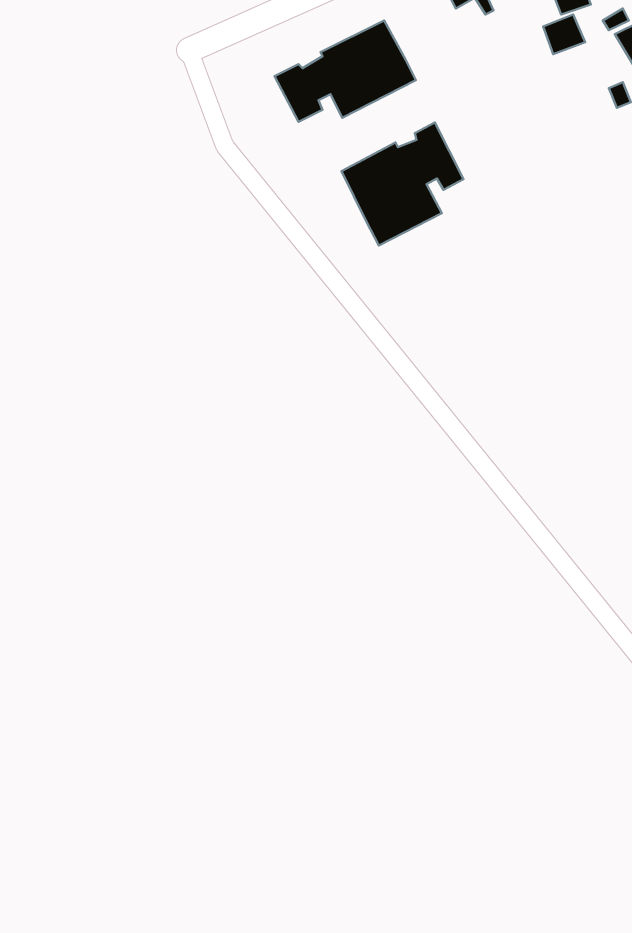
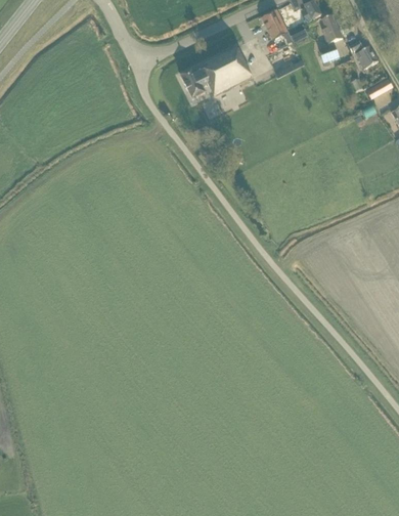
building: [342,123,464,245] -> none

